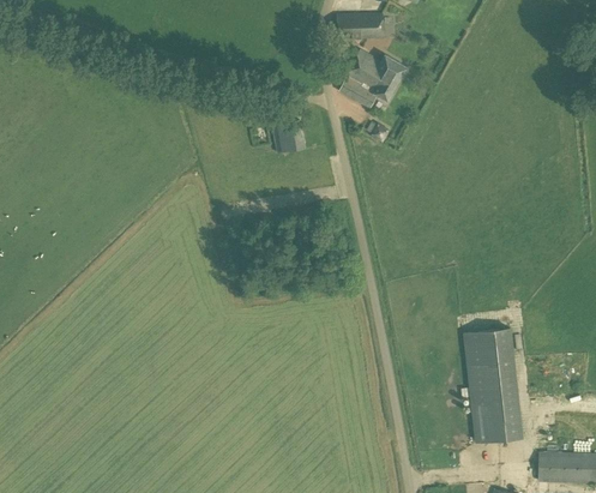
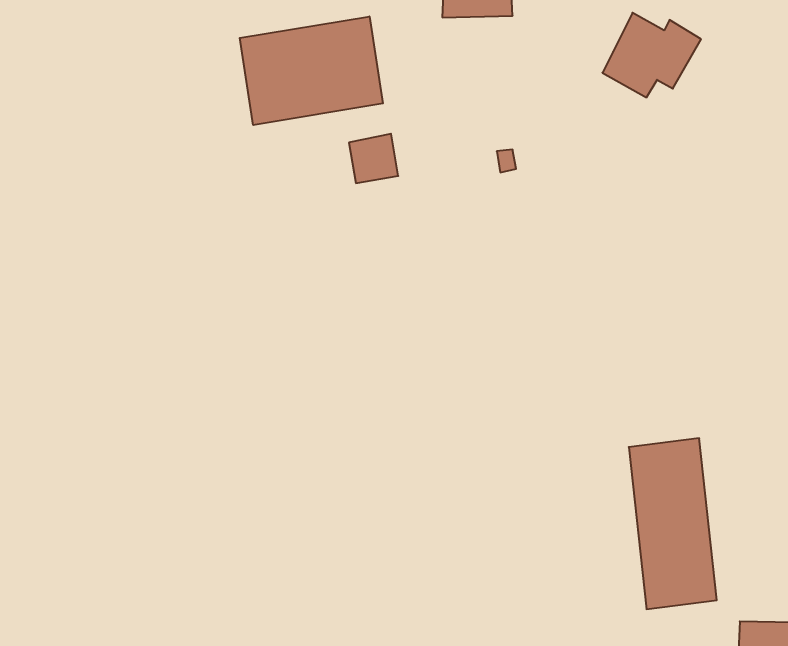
building: none -> [240,16,383,125]
building: [339,49,407,107] -> [602,13,701,97]

